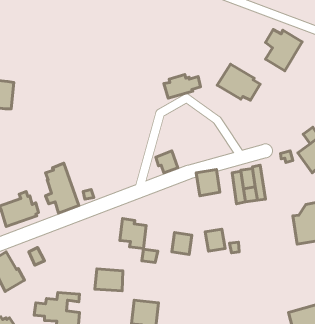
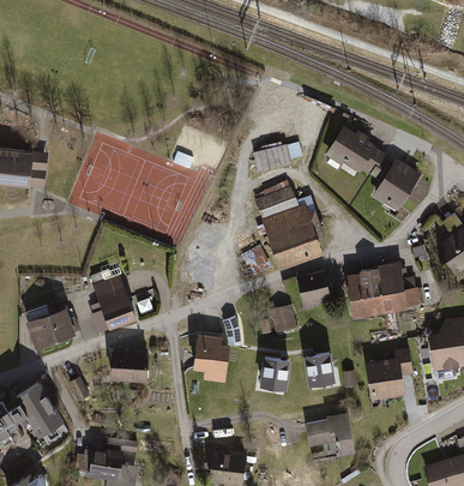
building: [265,29,302,71] -> [370,158,421,215]
building: none -> [253,188,324,269]
building: none -> [384,263,424,312]
building: none -> [269,306,296,336]
building: none -> [364,348,410,400]
building: [95,269,123,291] -> [109,352,147,382]
building: none -> [305,412,355,457]

